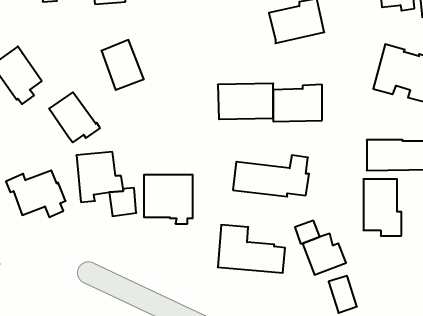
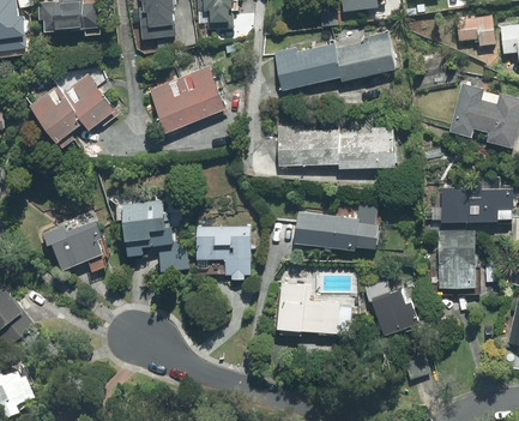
building: none -> [274,44,342,90]
building: none -> [180,67,225,121]
building: [49,92,100,142] -> [62,74,119,130]

